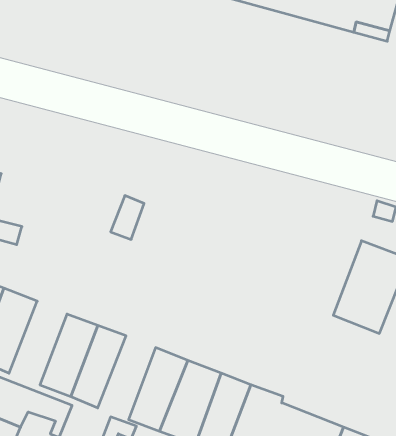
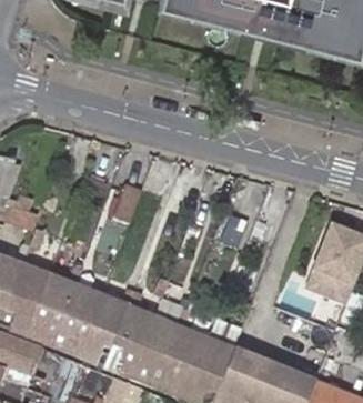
building: none -> [26,276,75,349]
building: none -> [102,306,152,379]

